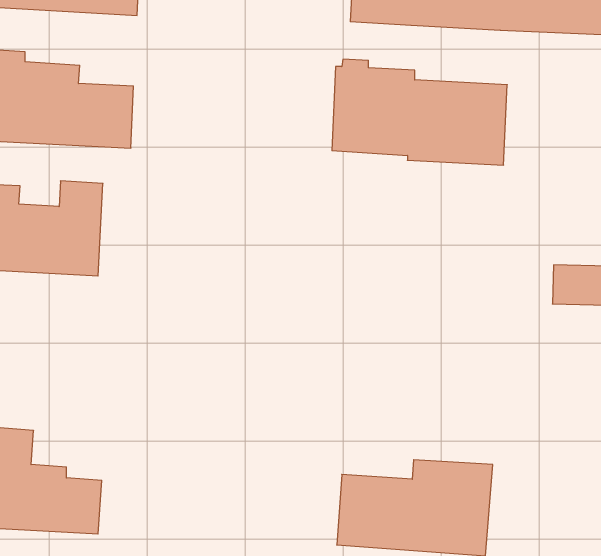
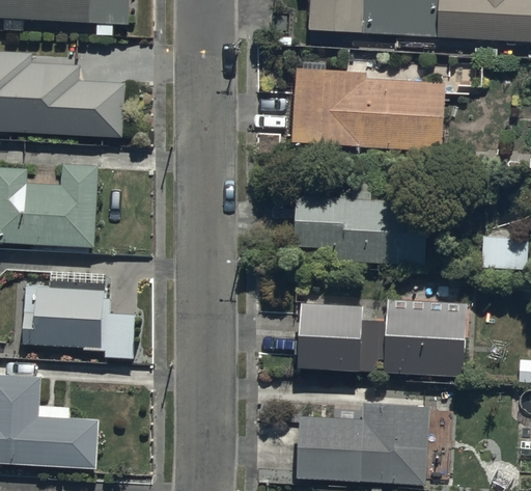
building: none -> [291,181,426,266]
building: none -> [22,282,134,359]
building: none -> [297,284,469,375]

